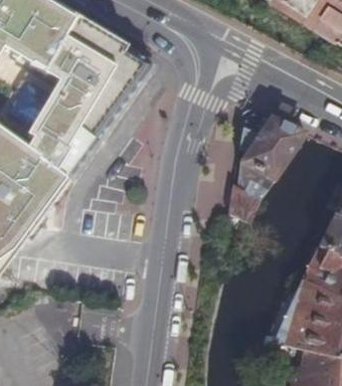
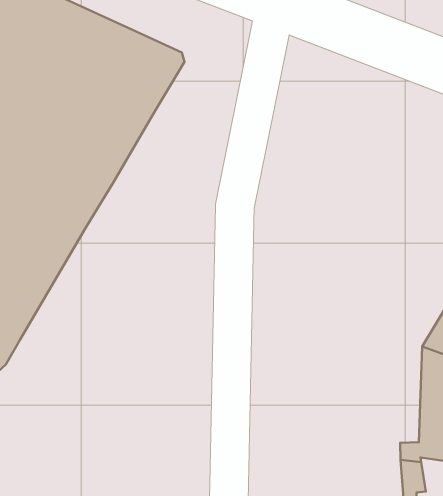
building: [233,112,310,219] -> none

